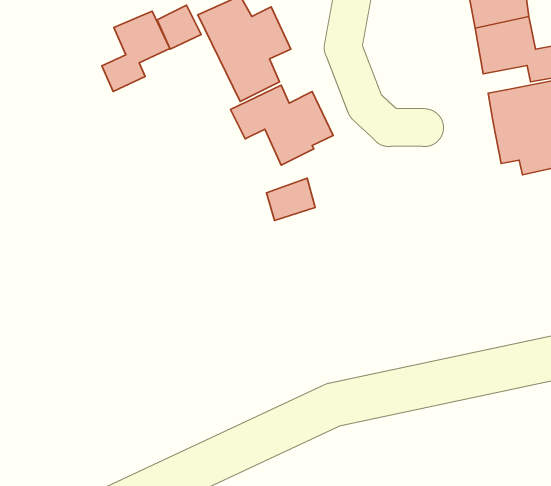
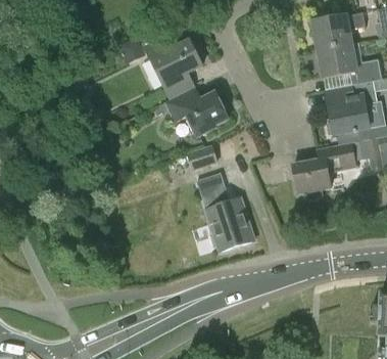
building: [102,11,170,92] -> none
building: none -> [293,142,355,193]
building: none -> [195,172,253,252]

